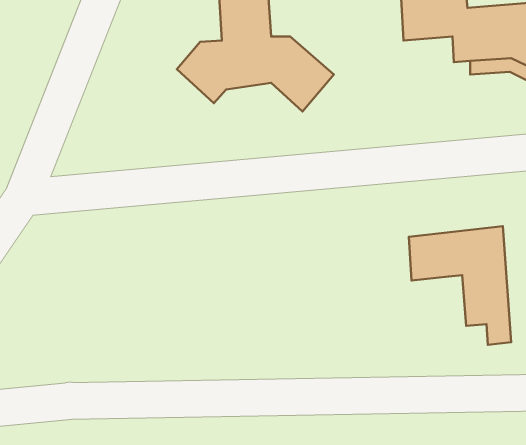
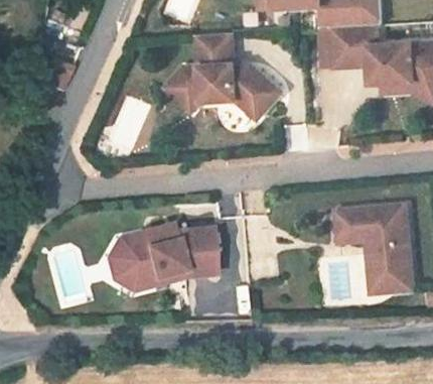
building: none -> [99,225,206,292]
building: none -> [365,240,394,293]

